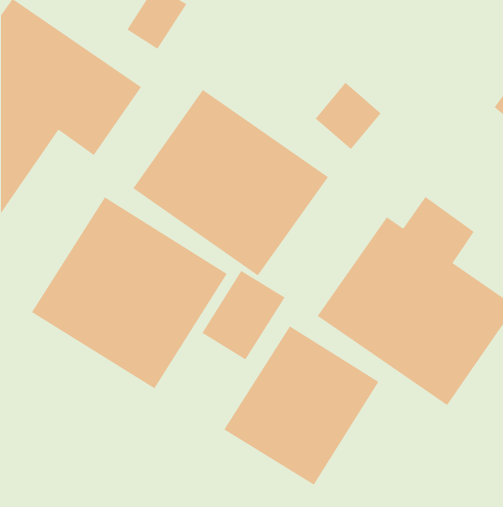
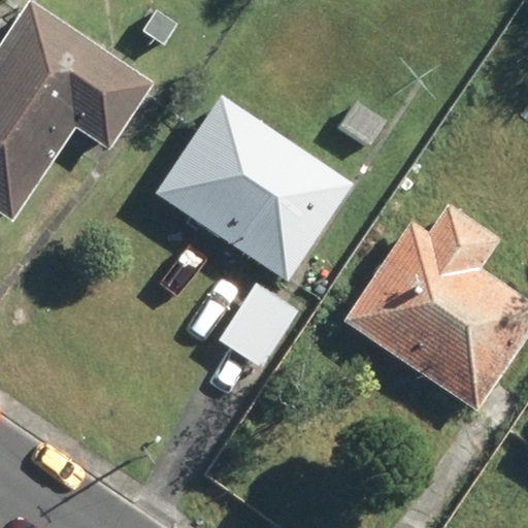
building: [31,197,227,389] -> none
building: [224,325,379,486] -> none

